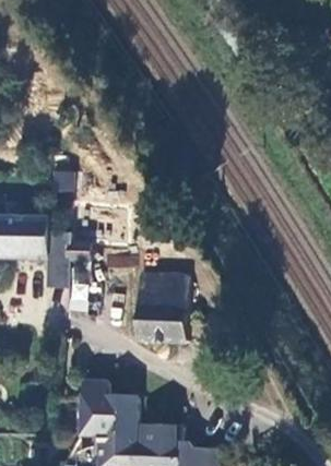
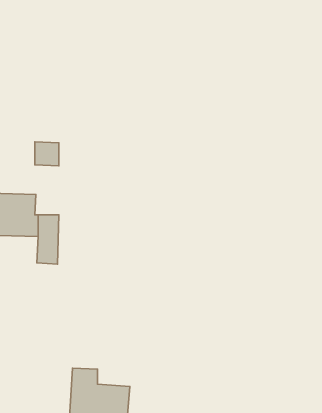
building: [144,277,189,337] -> none

